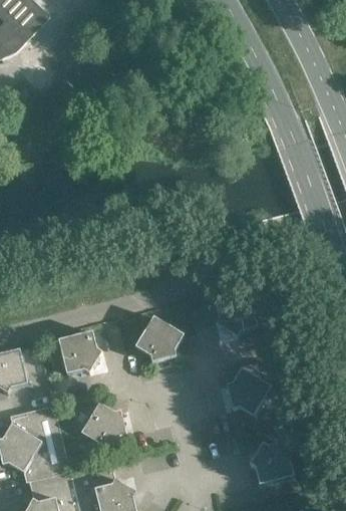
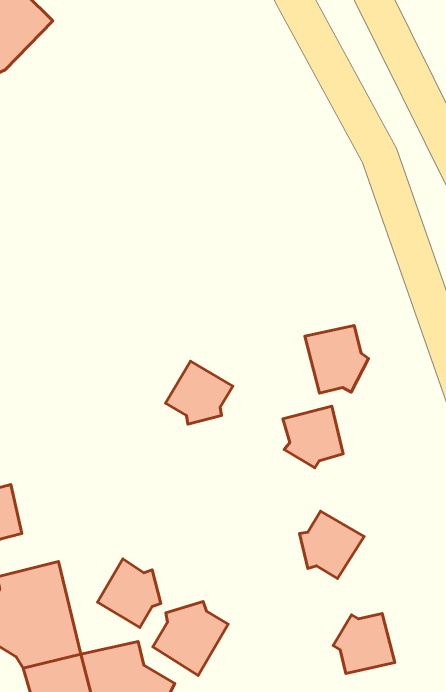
building: none -> [305,326,369,393]
building: [135,316,184,361] -> [165,361,233,424]
building: [58,331,102,373] -> none
building: none -> [153,602,228,675]

